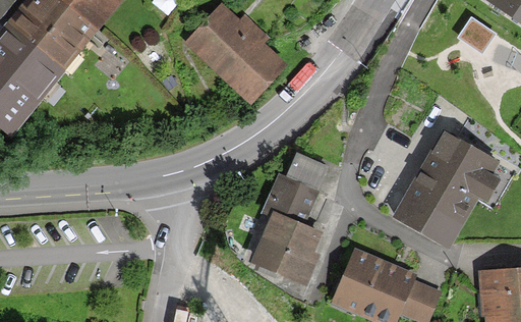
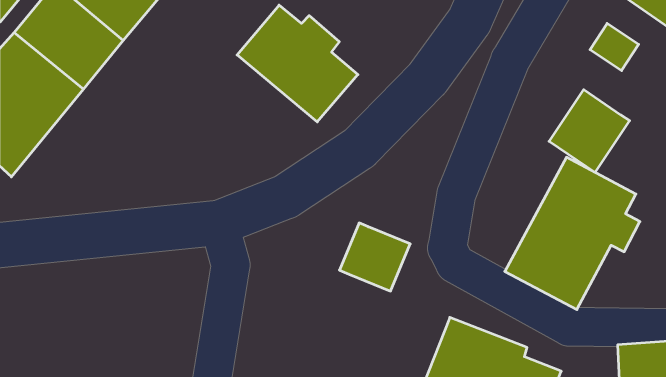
building: none -> [549,90,630,172]
building: [287,153,330,191] -> none
building: [252,214,322,286] -> none

